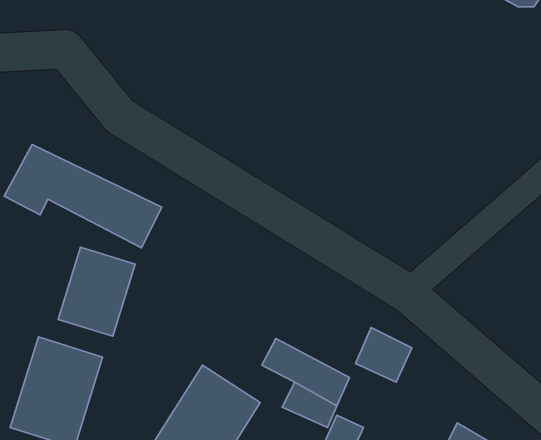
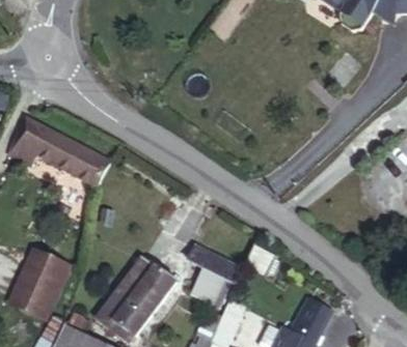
building: [58,247,135,336] -> none

